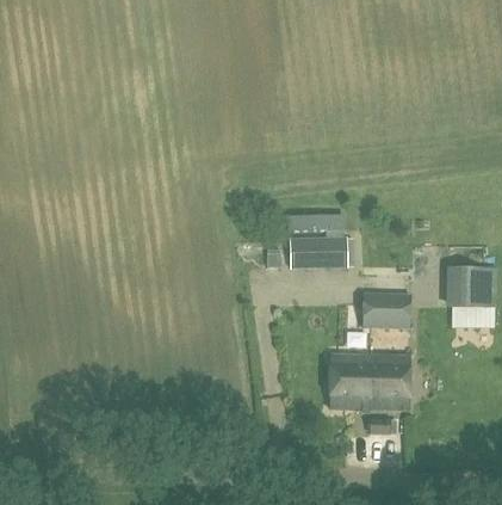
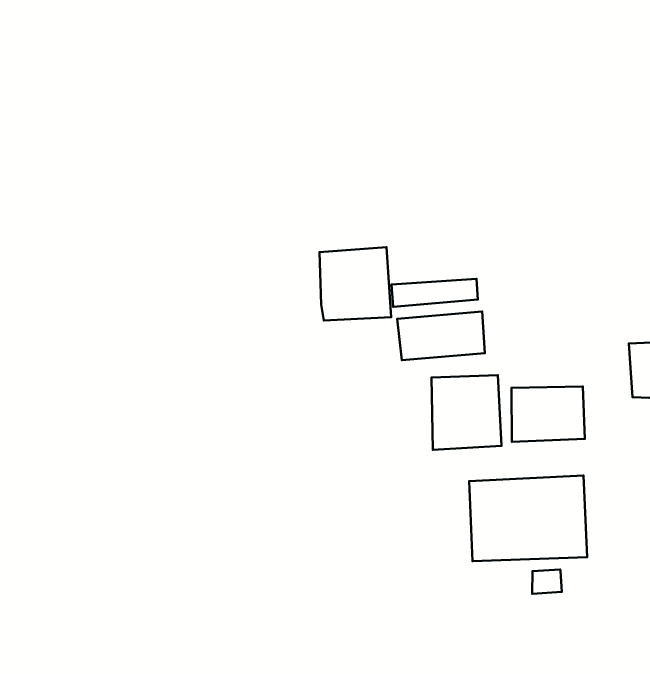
building: none -> [319,247,391,320]
building: none -> [431,375,501,450]

